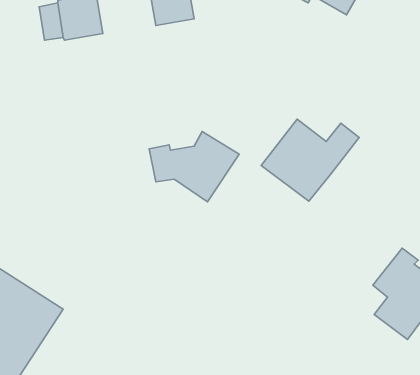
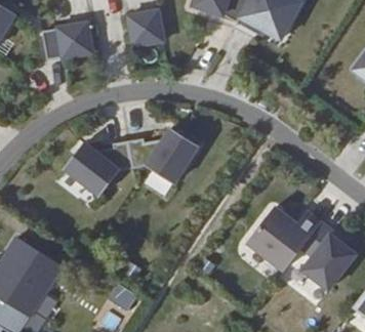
building: [261,119,359,201] -> [248,205,324,268]
building: none -> [65,142,133,197]

